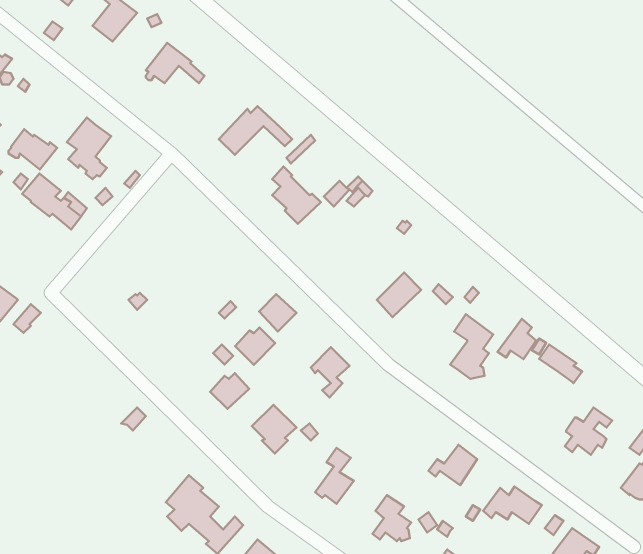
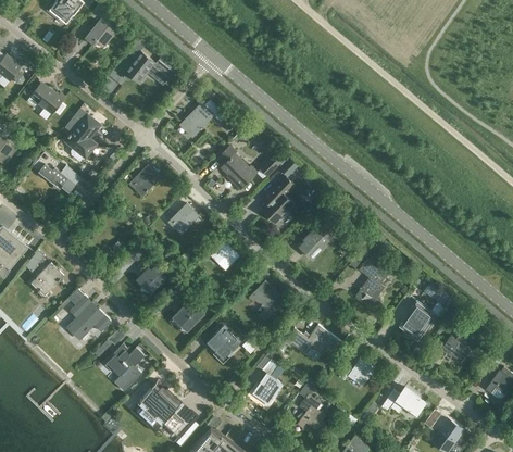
building: [8,129,57,169] -> [28,84,65,114]
building: none -> [129,165,160,197]
building: none -> [263,176,295,222]
building: none -> [168,204,199,235]
building: [498,319,536,359] -> [399,302,428,332]
building: none -> [32,262,64,291]
building: [235,327,275,365] -> [137,266,167,294]
building: none -> [58,289,111,340]
building: none -> [285,325,342,353]
building: none -> [104,343,145,392]

